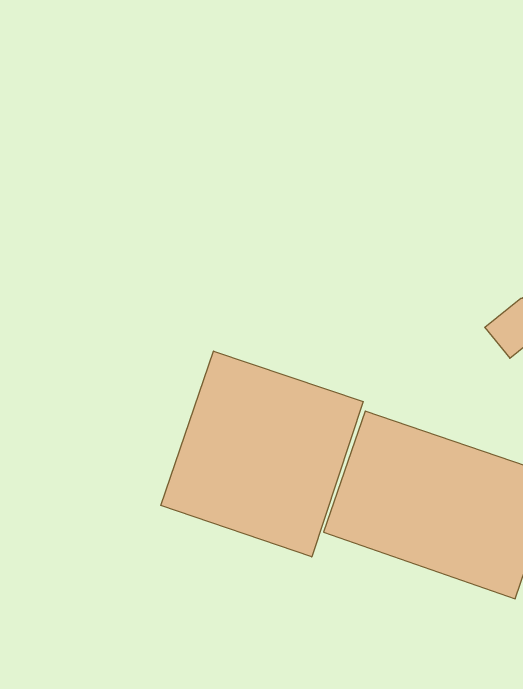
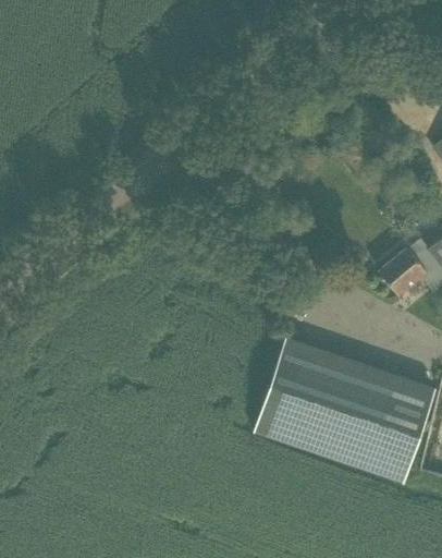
building: [161,351,363,557] -> none

